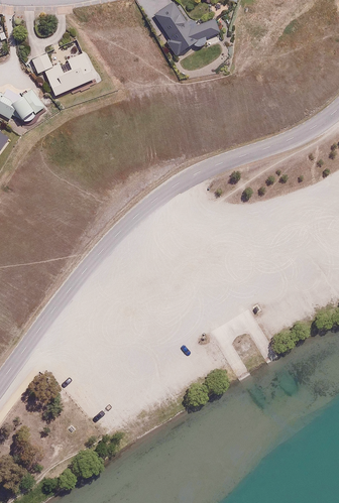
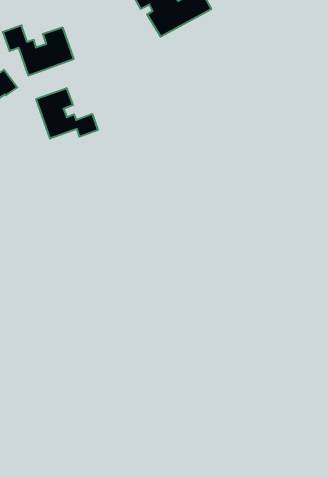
building: none -> [36,88,98,139]

